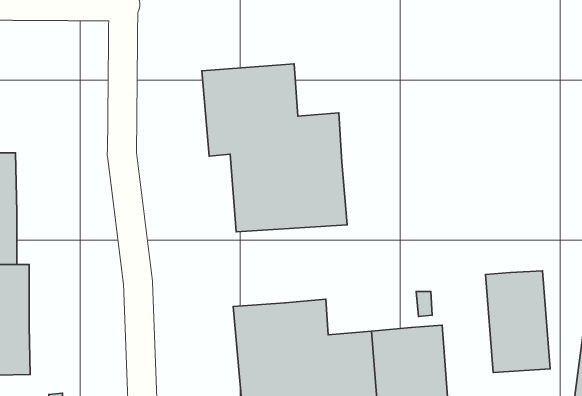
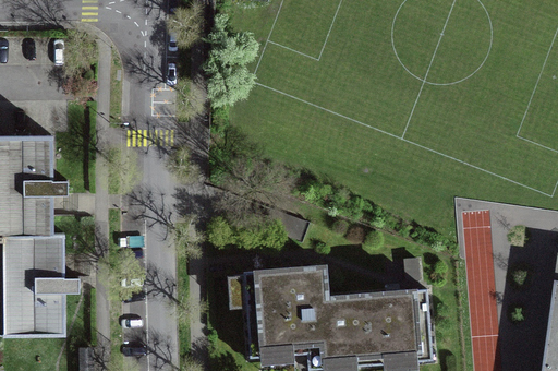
building: [202,64,347,232] -> none
building: [486,271,550,372] -> none

